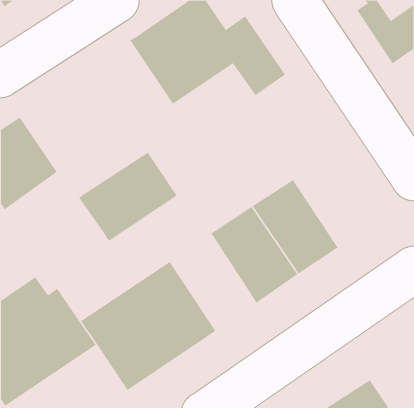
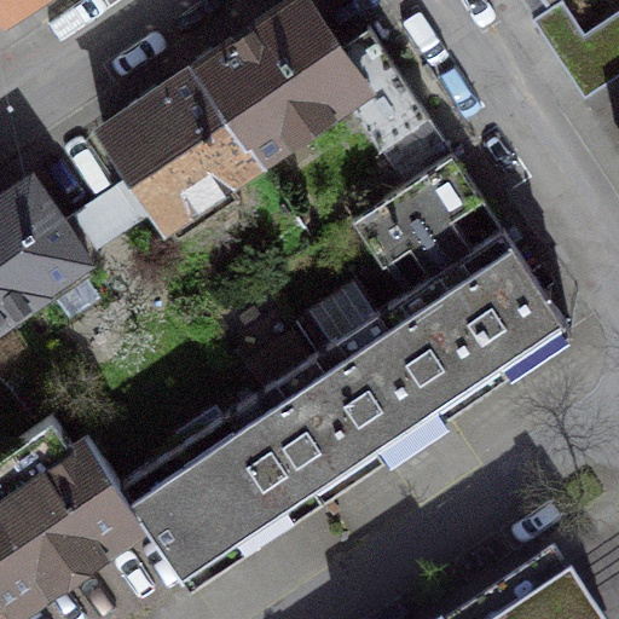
building: none -> [102,70,258,227]
building: none -> [353,157,569,378]
building: [78,152,178,242] -> none
building: none -> [254,358,382,503]

